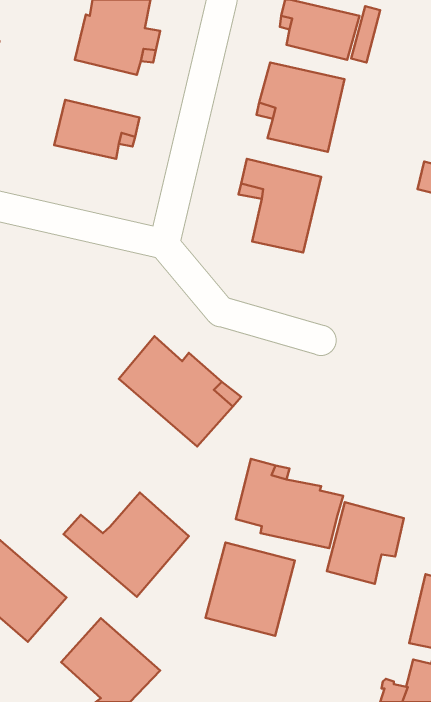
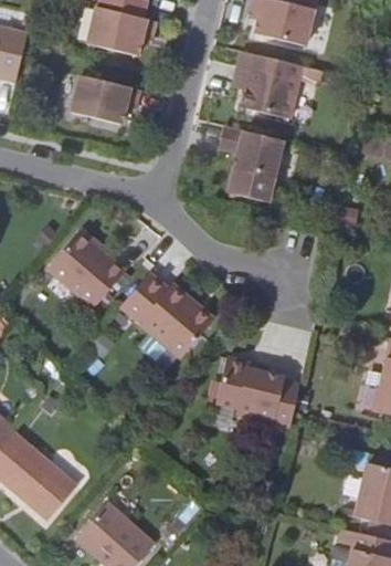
building: none -> [46,232,126,308]
building: [64,493,189,597] -> none
building: [327,502,404,584] -> none
building: [206,543,295,636] -> none

